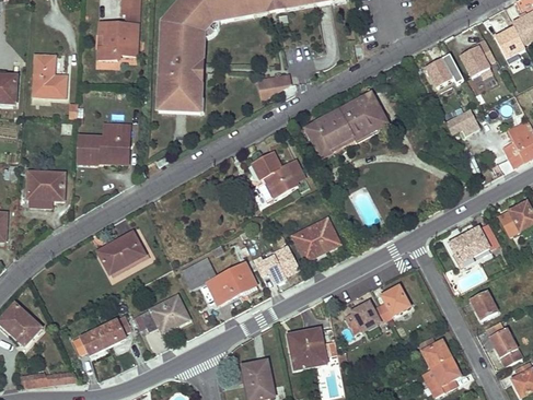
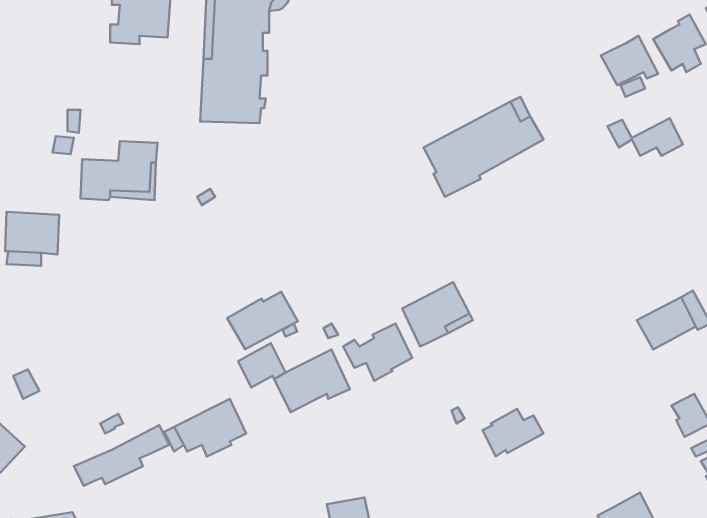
building: [32,54,66,97] -> none
building: [258,74,290,99] -> none
building: [252,151,304,201] -> none
building: [97,235,144,273] -> [227,292,298,349]
building: [380,285,409,318] -> none
building: [288,328,326,368] -> none
building: [418,338,451,368] -> none

